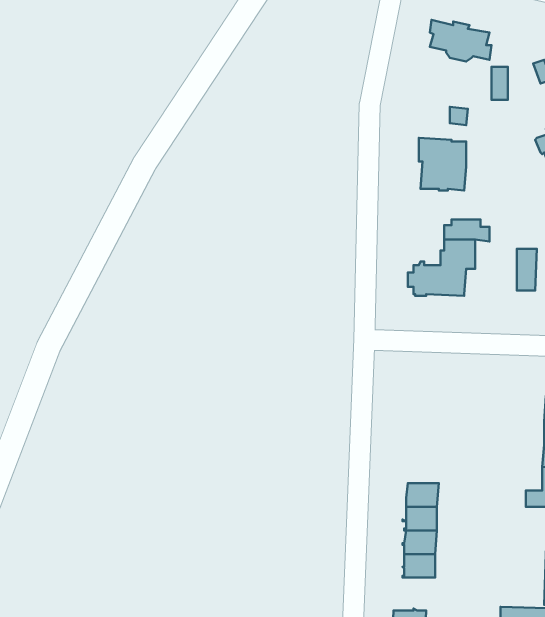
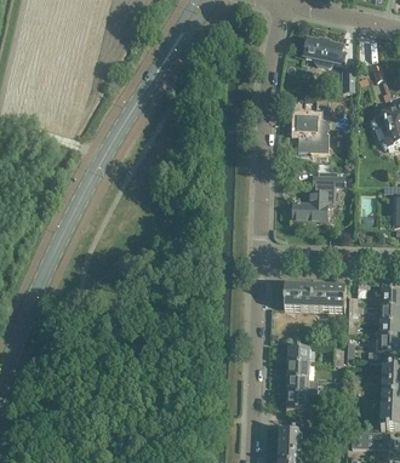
building: none -> [282,285,345,309]

